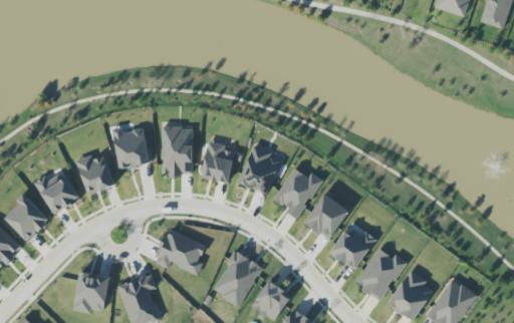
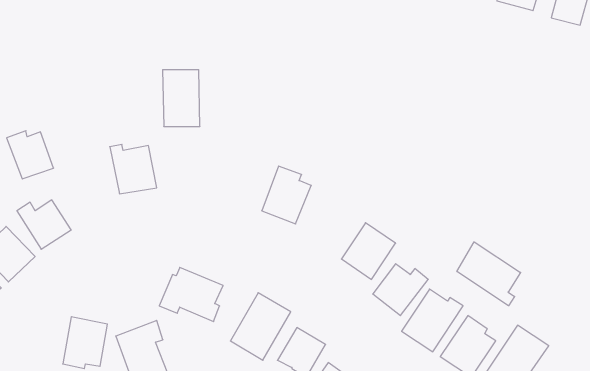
building: [162,126,193,174] -> [163,70,200,126]
building: [202,140,234,182] -> none
building: [76,153,115,194] -> [7,131,54,179]
building: [274,167,323,219] -> none
building: none -> [457,242,521,306]

